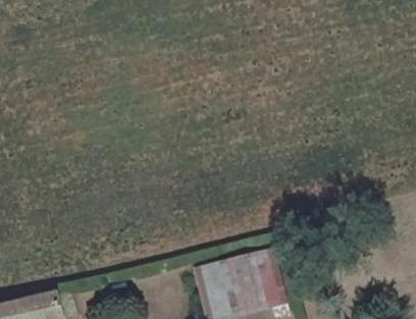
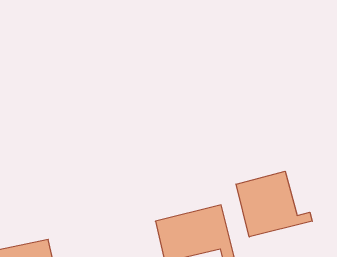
building: none -> [236,171,312,237]

